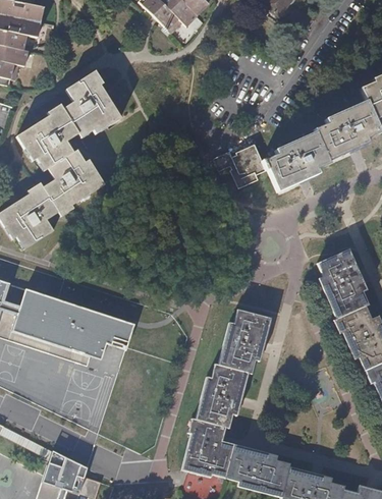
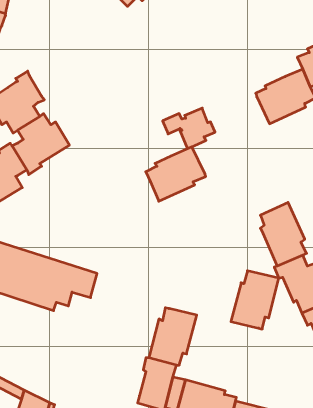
building: [63,69,121,138] -> none
building: [263,131,329,191] -> [146,147,206,201]
building: [217,309,270,373] -> [231,271,279,329]

